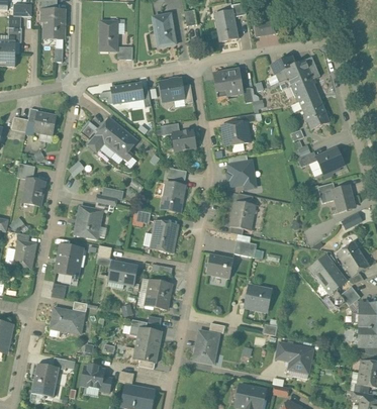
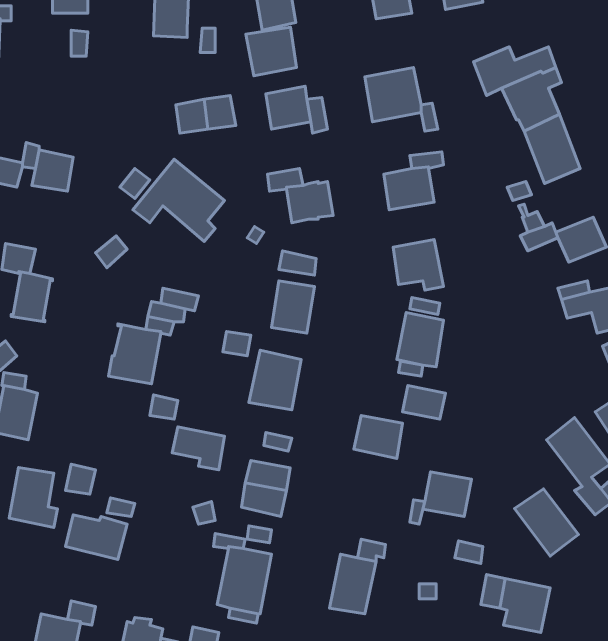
building: none -> [246,27,297,76]
building: [55,243,81,276] -> [9,468,58,527]
building: none -> [514,489,579,556]

